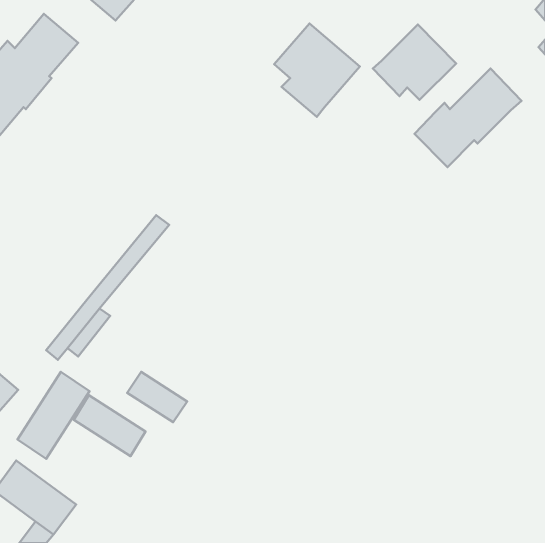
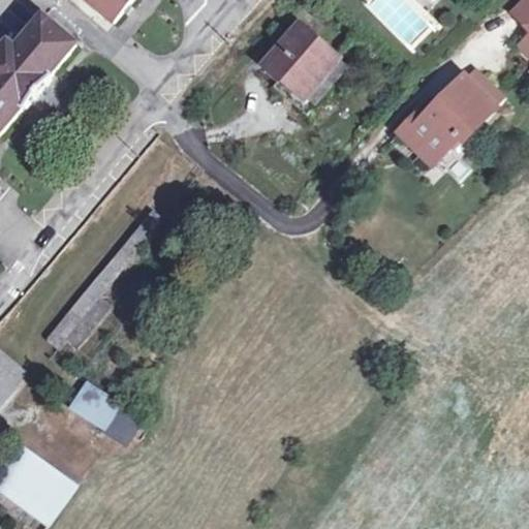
building: [373,25,456,100] -> none
building: [17,372,90,459] -> none
building: [127,372,187,422] -> none

